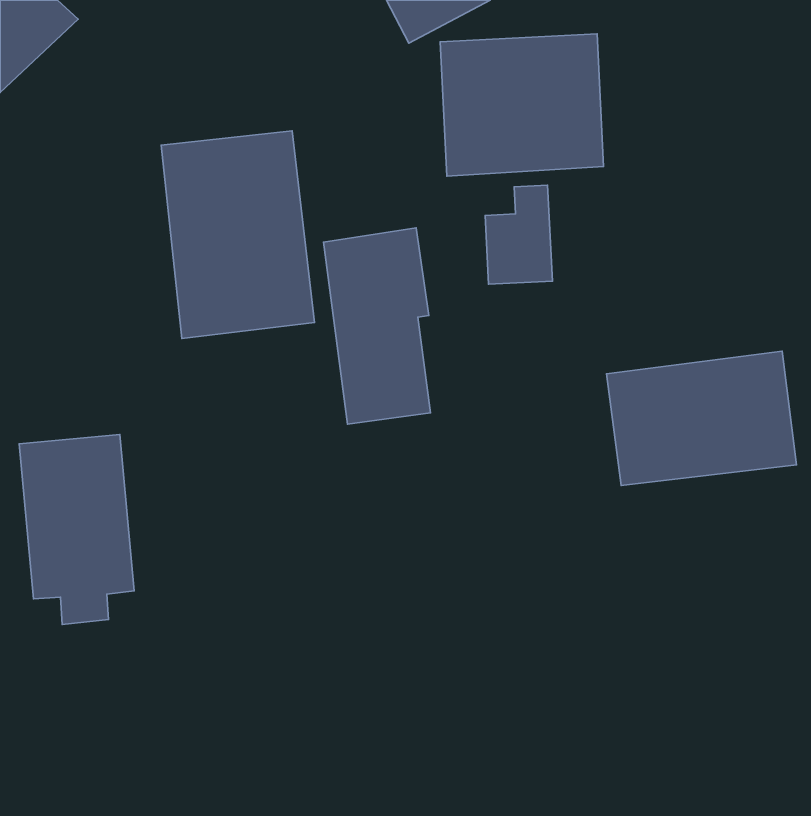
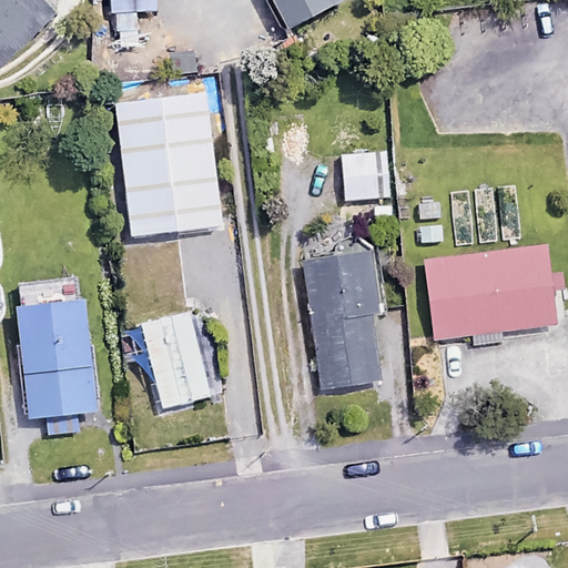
building: [440,34,604,176] -> none
building: [323,228,430,424] -> [306,251,381,387]
building: none -> [141,311,211,407]

